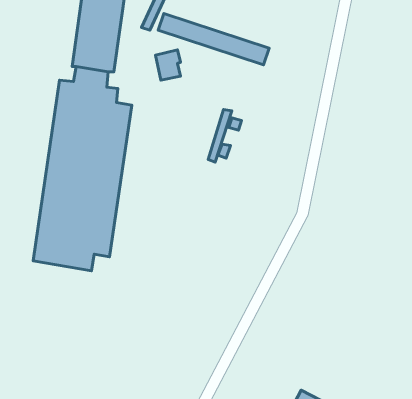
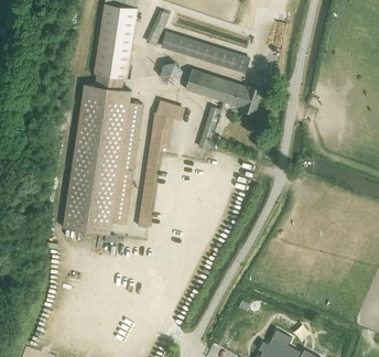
building: none -> [185,69,262,115]
building: none -> [139,102,184,228]

